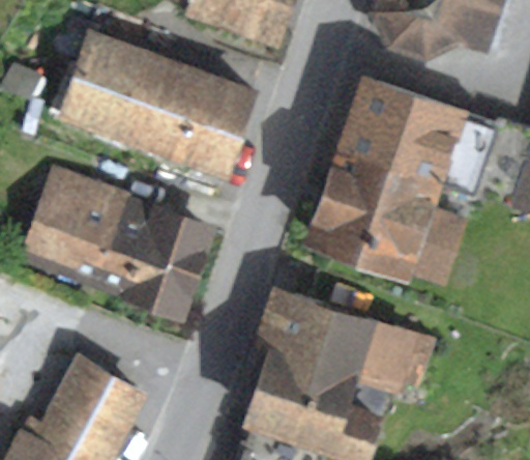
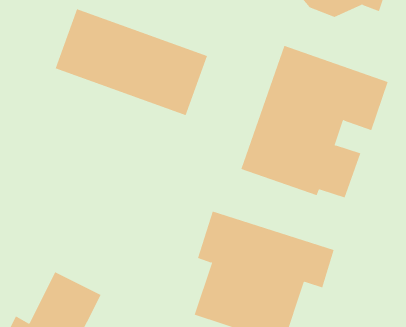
building: [28,168,223,306] -> none

